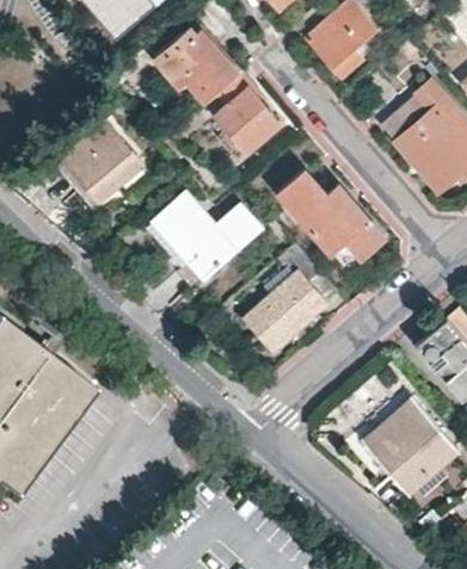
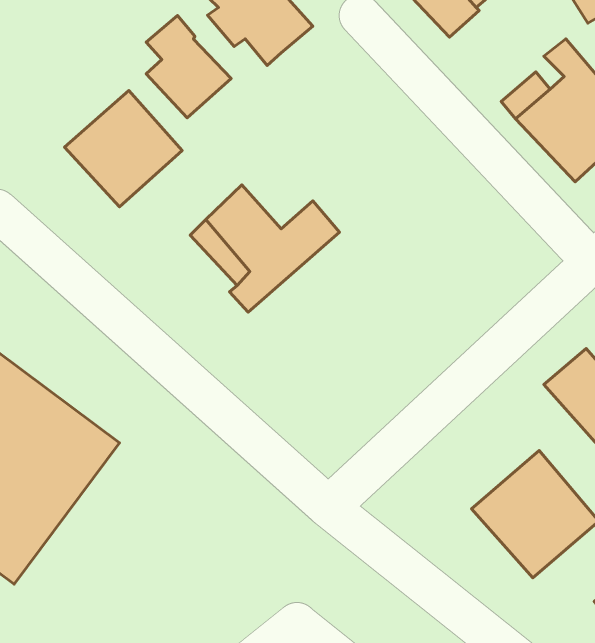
building: [216,73,281,150] -> [146,16,231,118]
building: [278,169,386,272] -> none
building: [244,245,338,351] -> none

